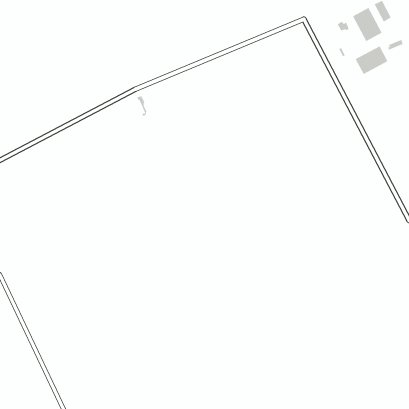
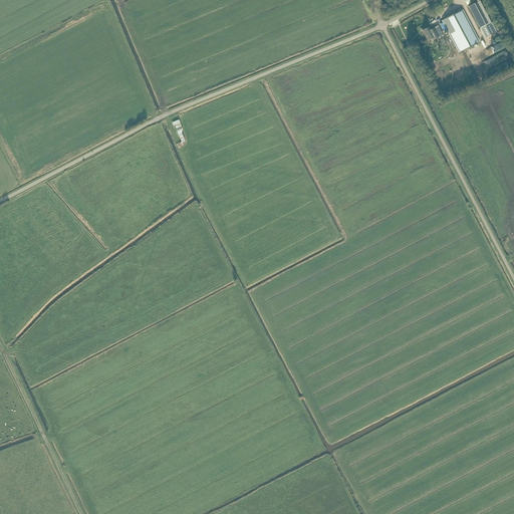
building: [355,46,388,75] -> none

